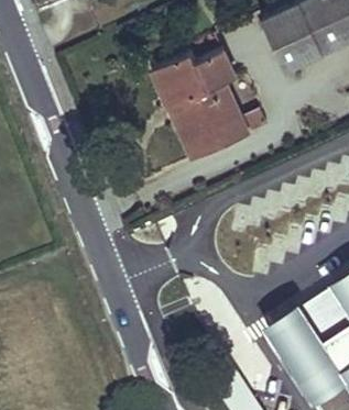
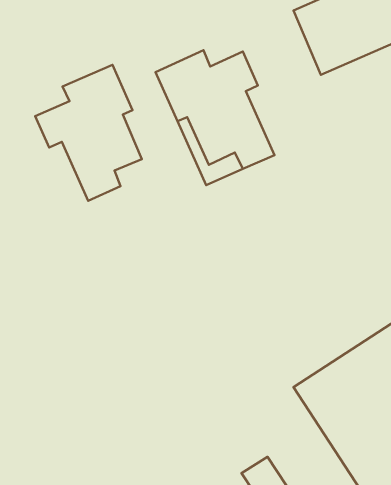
building: none -> [35,65,142,201]

